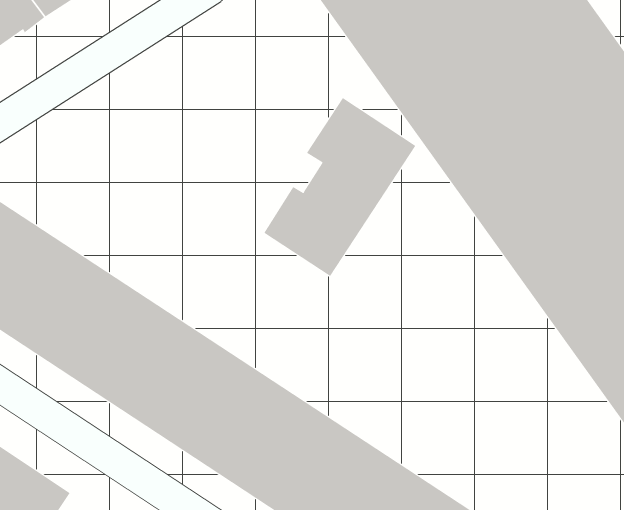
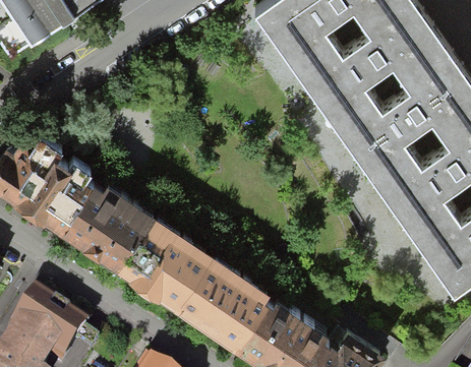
building: [263,97,416,277] -> none

